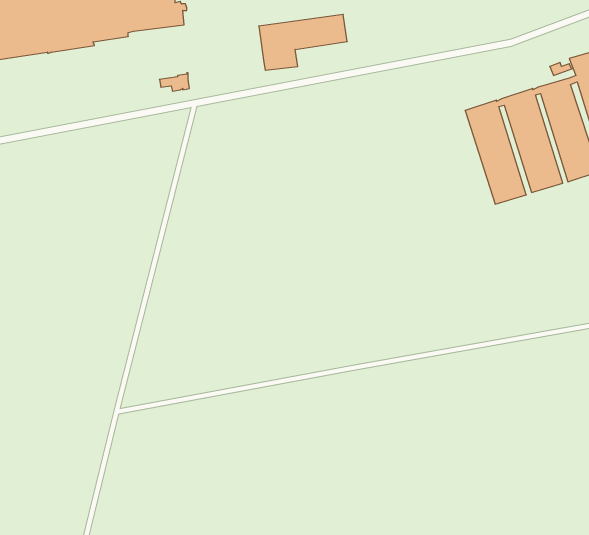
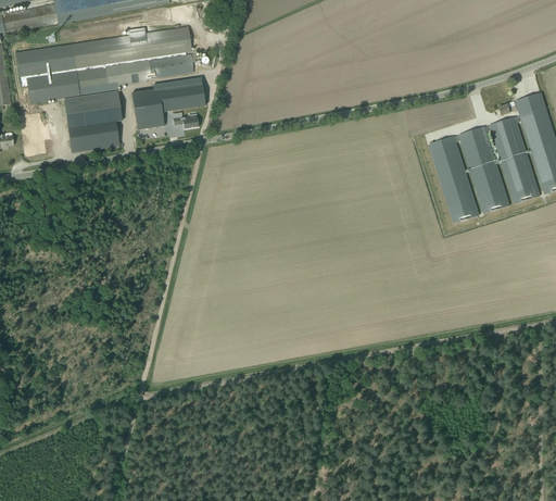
building: [259,14,347,70] -> [131,82,205,128]
building: none -> [63,91,123,147]

